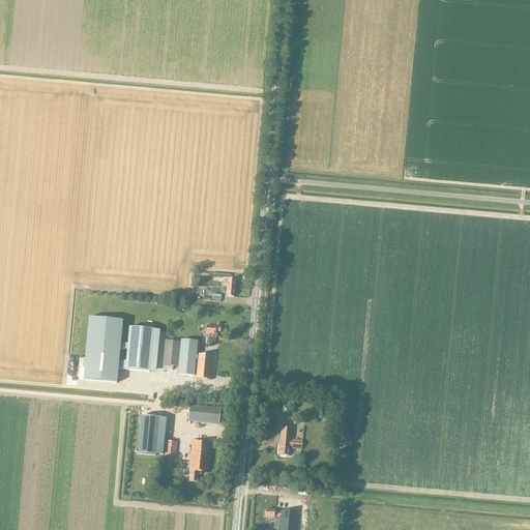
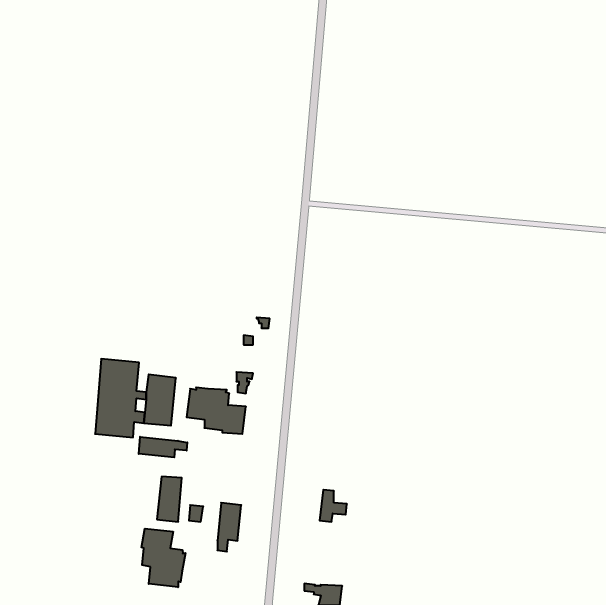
building: none -> [139,437,187,457]
building: [188,404,220,422] -> none
building: none -> [141,529,185,587]

